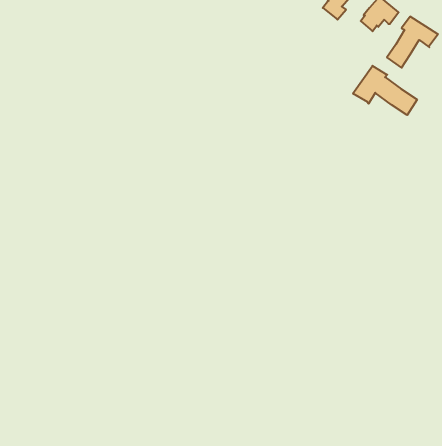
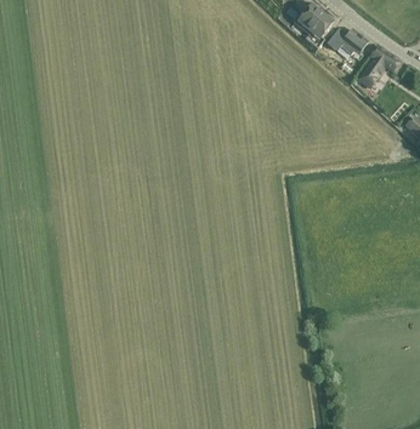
building: [353,66,417,115] -> none

